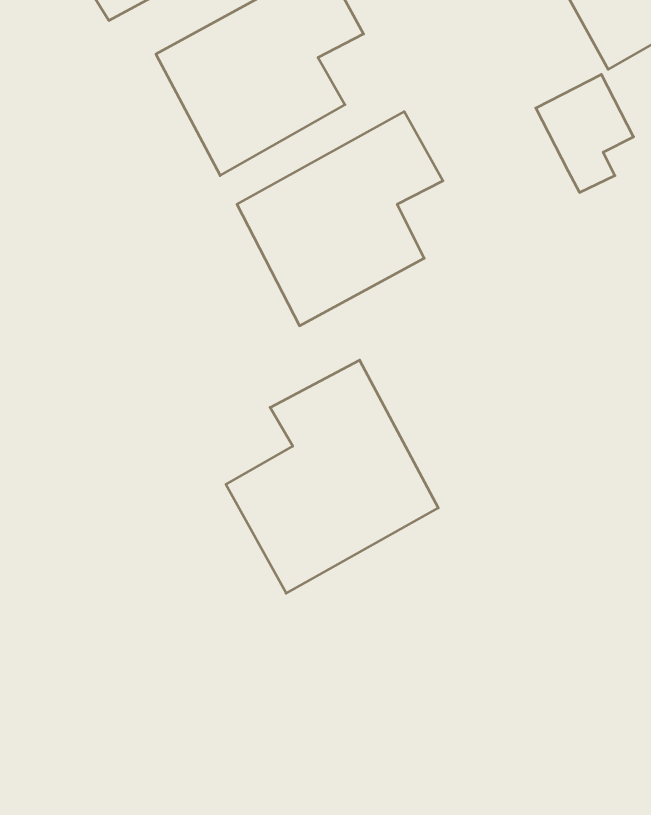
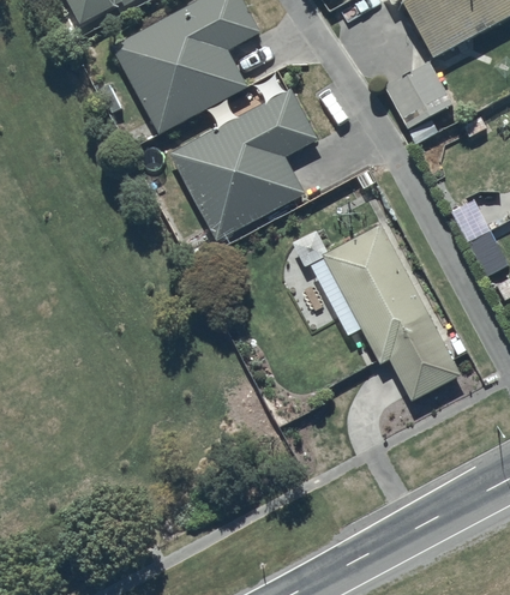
building: none -> [290,222,460,401]
building: [226,360,438,593] -> none

